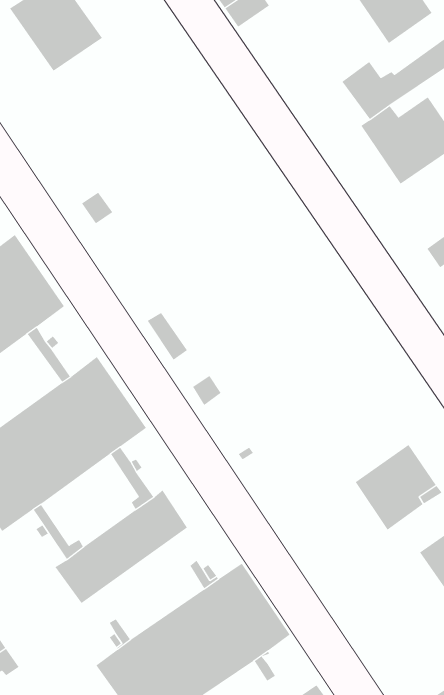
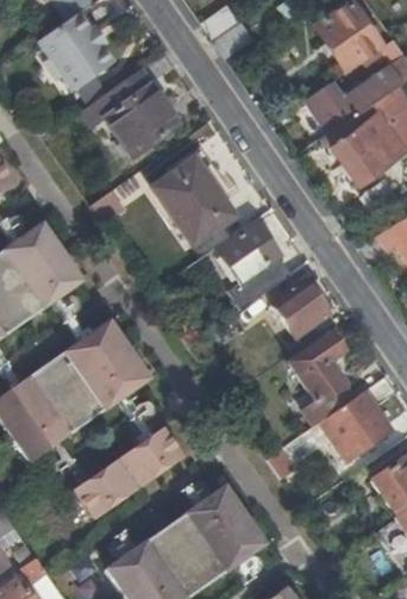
building: none -> [81,65,179,156]
building: none -> [151,158,233,245]
building: none -> [217,223,278,300]
building: none -> [273,281,326,335]
building: none -> [289,332,343,403]

